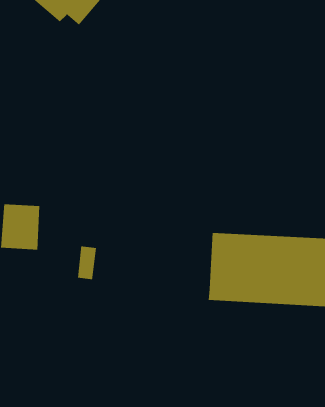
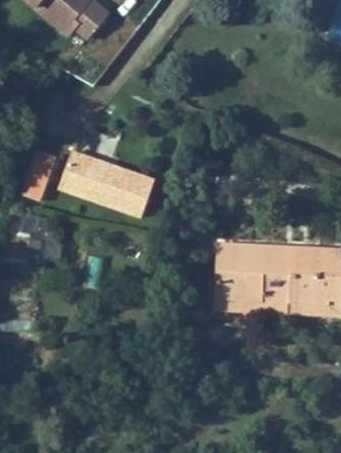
building: none -> [21,149,57,202]
building: none -> [59,152,155,216]

